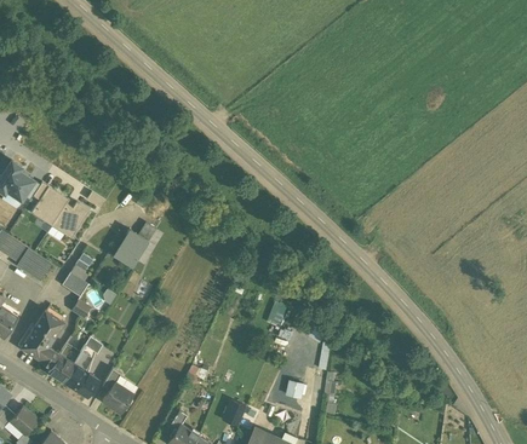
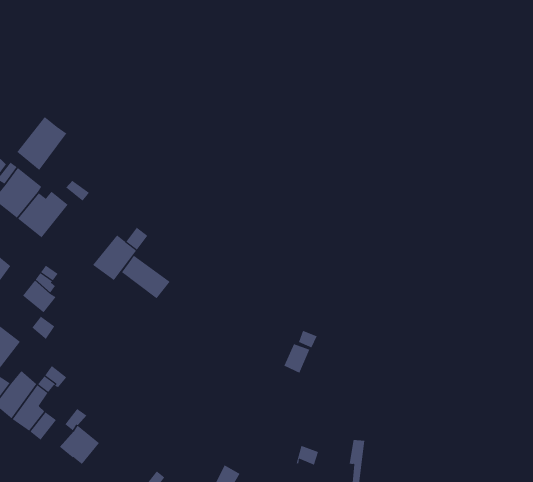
building: none -> [16,116,67,171]
building: none -> [121,255,171,299]

